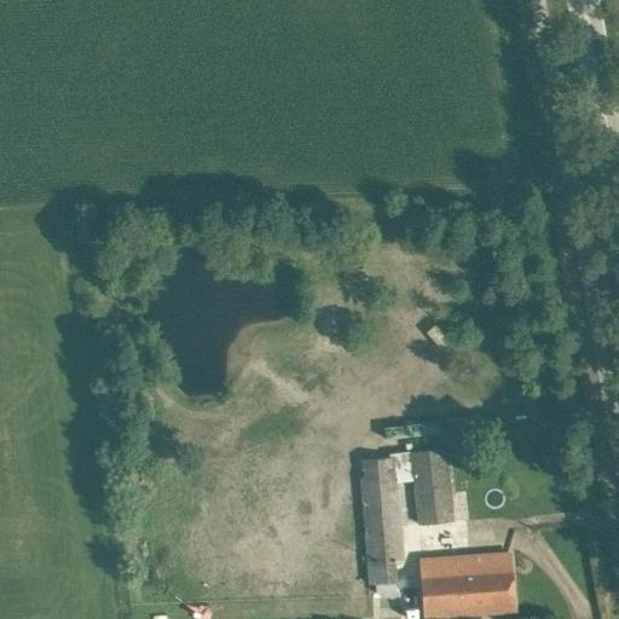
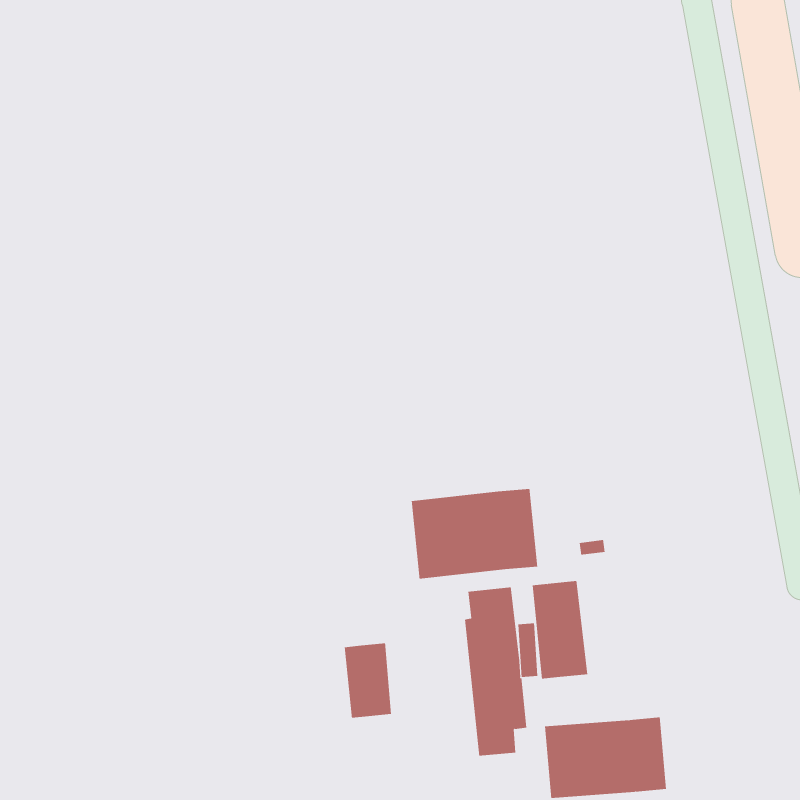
building: none -> [411,488,538,579]
building: none -> [344,642,391,719]

